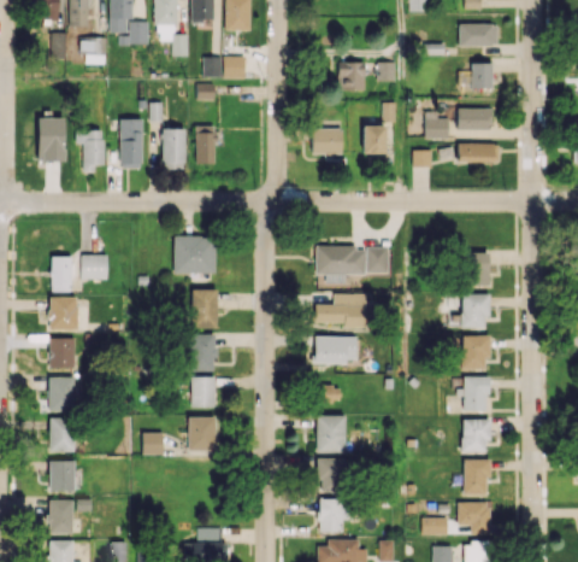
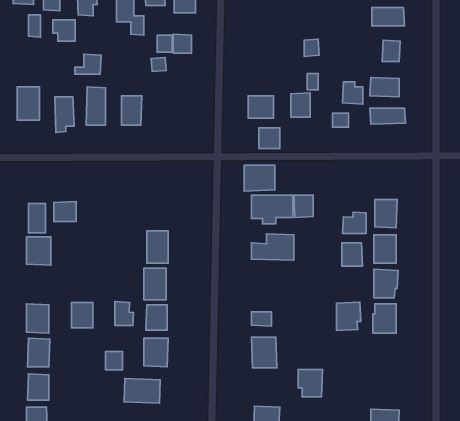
building: [119,21,151,45] -> [75,54,101,74]
building: [340,62,366,92] -> none
building: [197,127,216,164] -> none
building: none -> [259,128,280,148]
building: none -> [244,165,275,191]
building: [175,236,217,274] -> none
building: none -> [343,212,366,234]
building: none -> [342,243,363,266]
building: [314,336,358,363] -> none
building: [51,338,76,368] -> [71,302,93,328]
building: none -> [115,302,133,326]
building: [462,418,491,452] -> [336,302,361,330]
building: [318,458,347,491] -> [298,369,322,397]
building: [464,459,490,494] -> none
building: none -> [124,379,160,403]

